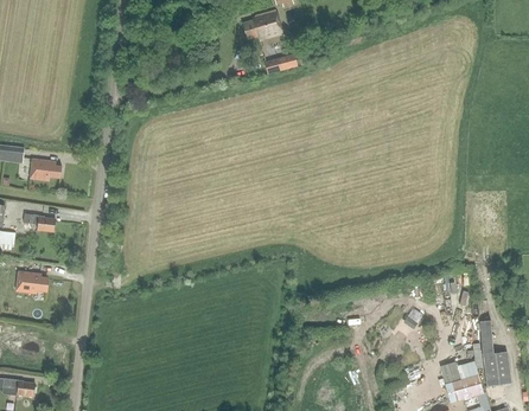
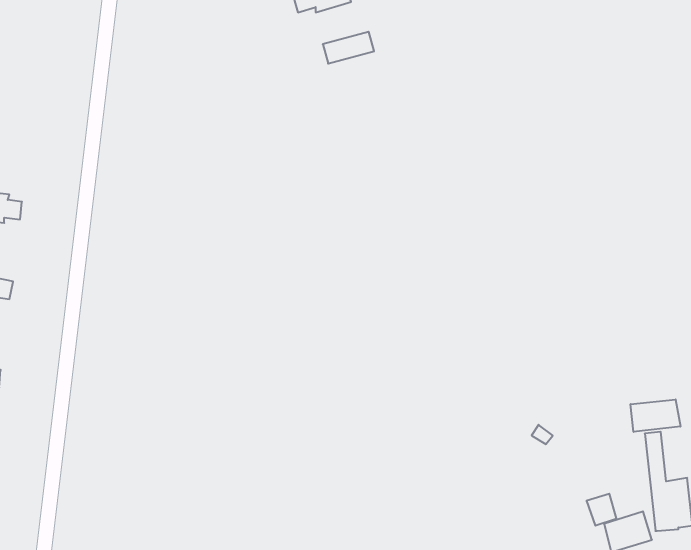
building: none -> [631,399,680,432]

